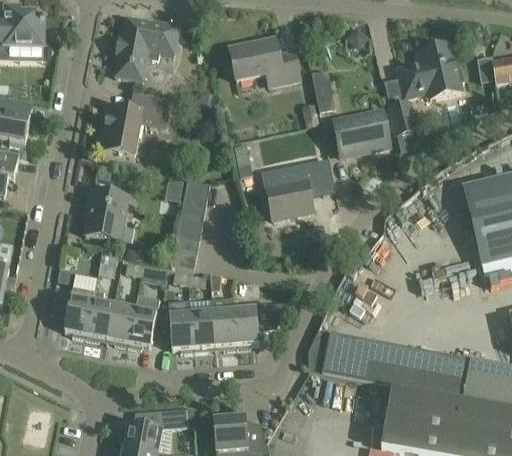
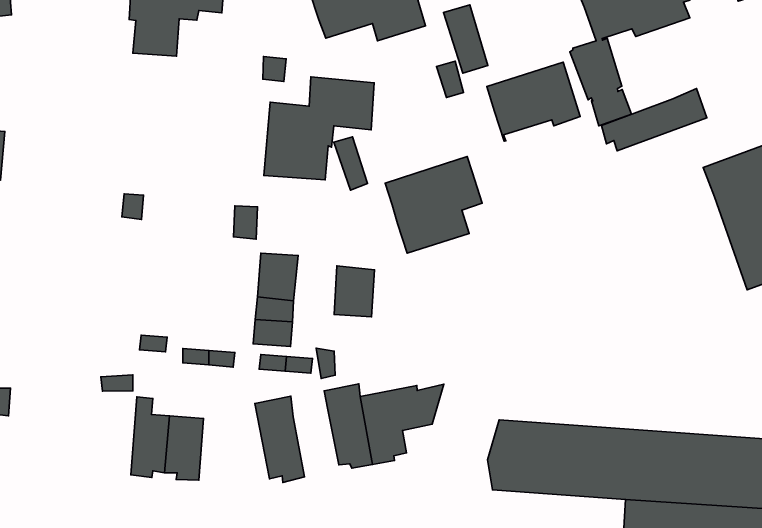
building: [96,92,171,157] -> [264,77,374,180]
building: none -> [602,89,707,151]
building: [181,179,209,213] -> [334,266,374,317]
building: [84,189,128,241] -> none
building: [49,286,94,338] -> none
building: [127,294,159,349] -> none
building: [190,311,215,351] -> none

